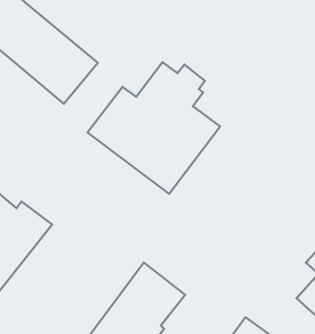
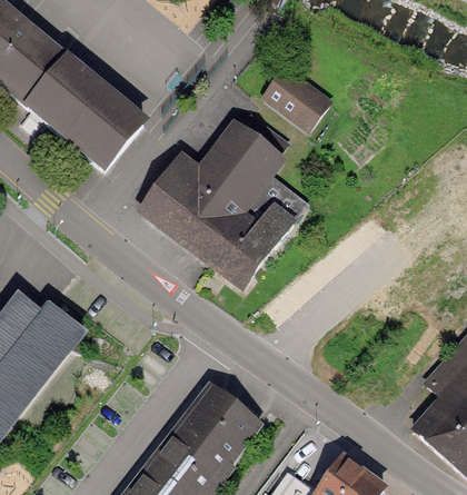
building: none -> [259,63,331,132]

